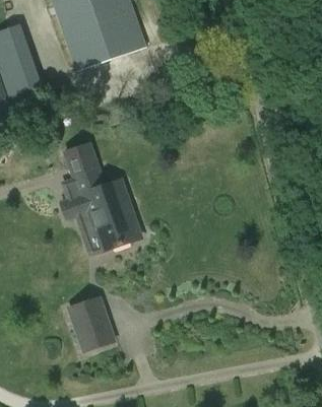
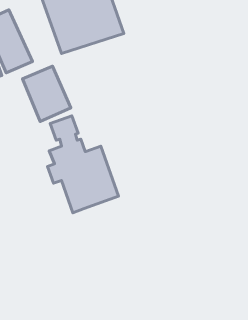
building: none -> [23,66,71,121]
building: [68,302,114,351] -> none

